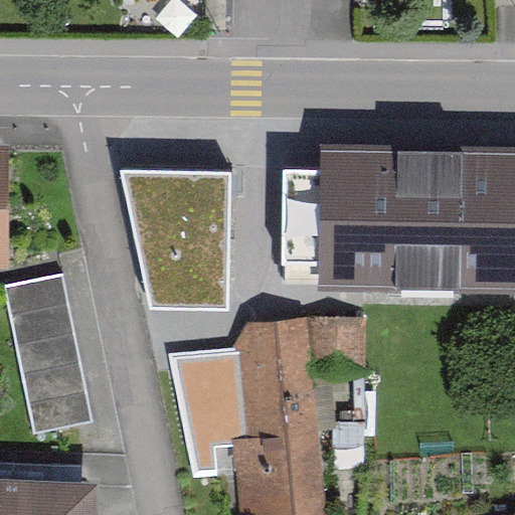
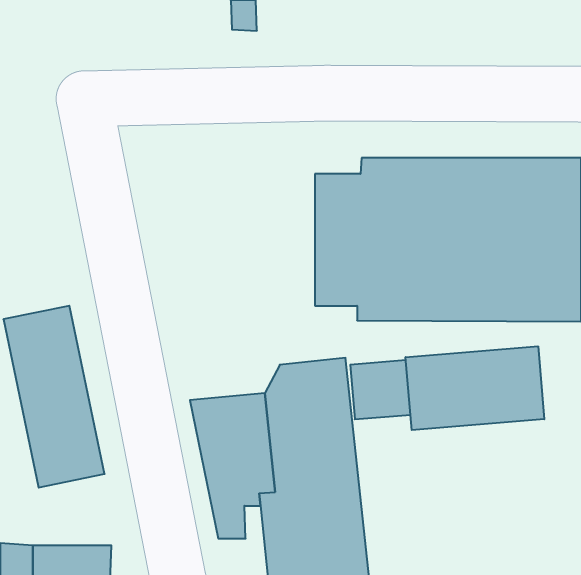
building: [121,166,232,304] -> none
building: none -> [406,346,544,430]

